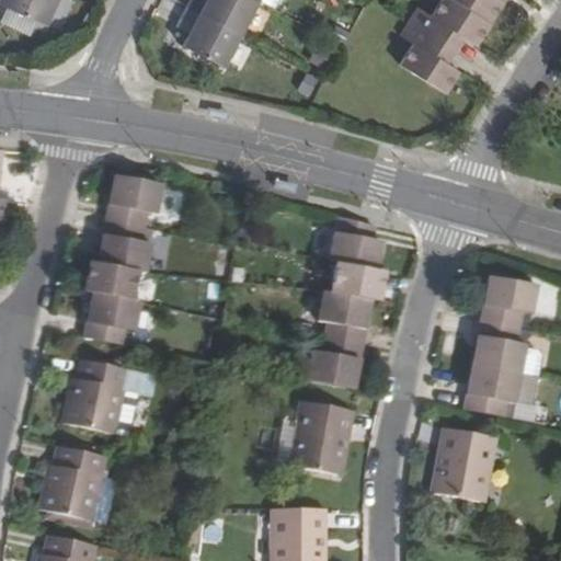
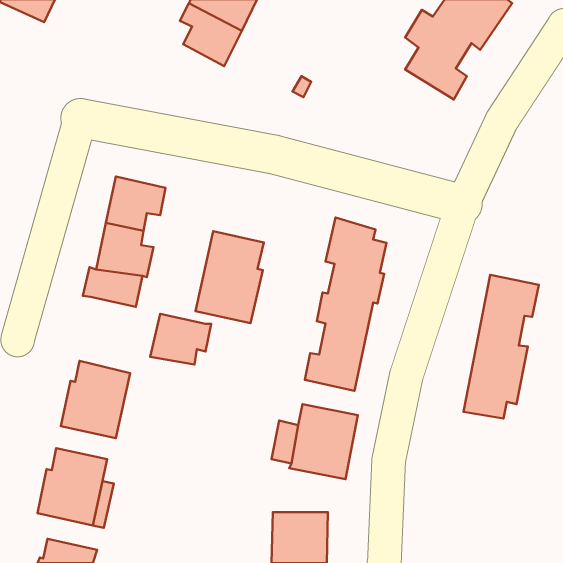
building: none -> [196,231,264,323]
building: [81,295,141,345] -> [150,314,211,365]
building: [431,426,497,502] -> none

